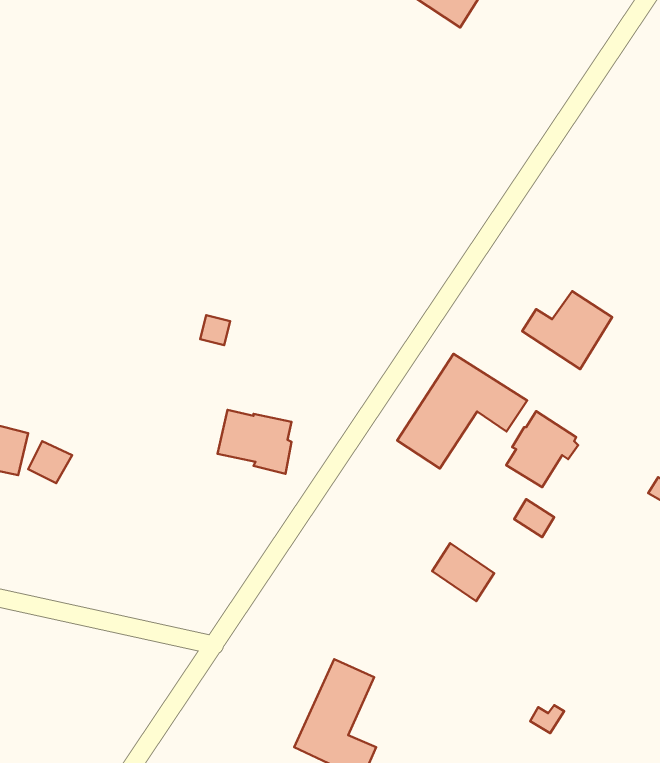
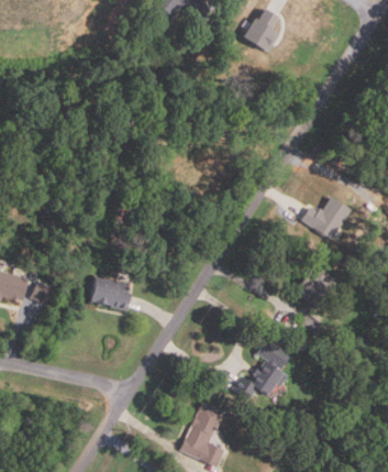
building: [397,354,527,468] -> none
building: [217,410,291,474] -> [88,276,129,311]
building: none -> [231,362,286,402]

